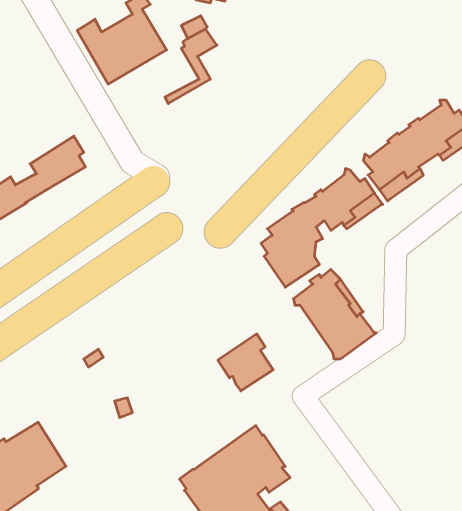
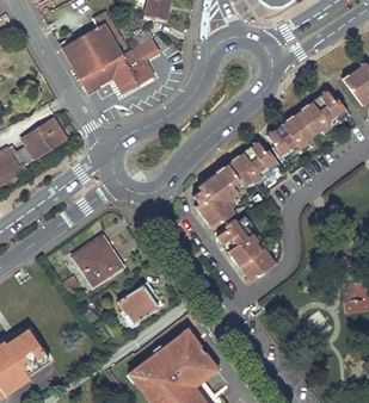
building: none -> [80,49,147,93]
building: none -> [74,235,123,285]
building: [218,334,273,391] -> [118,281,159,323]

